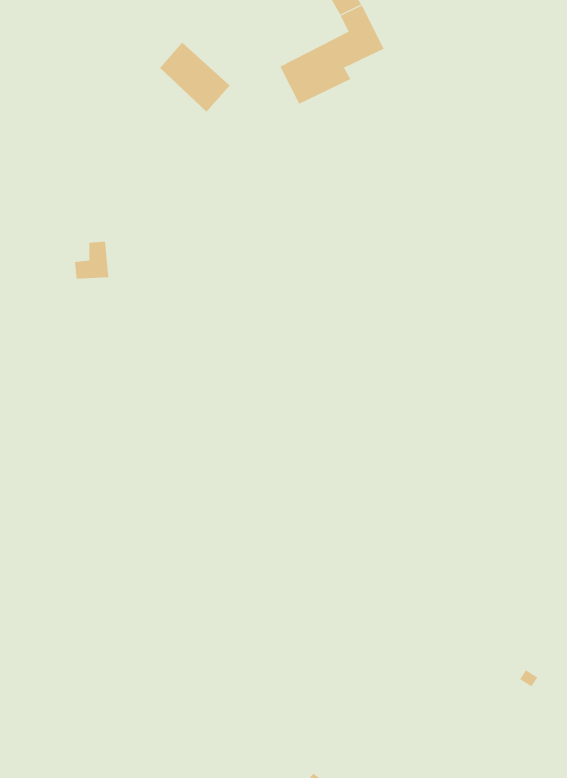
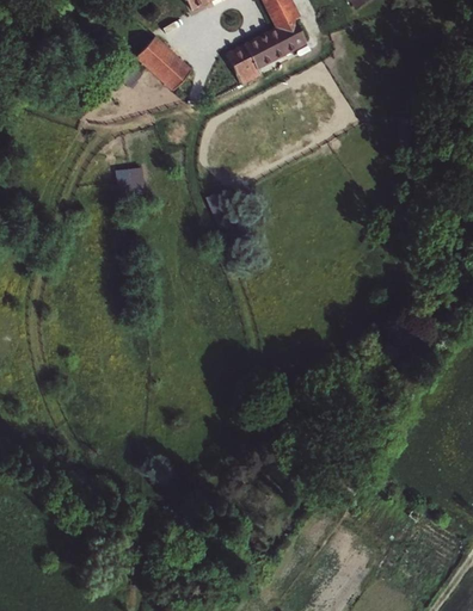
building: [74,241,109,279] -> [119,166,146,195]

